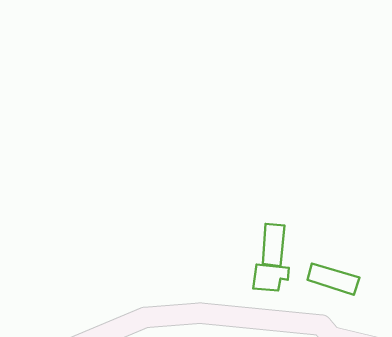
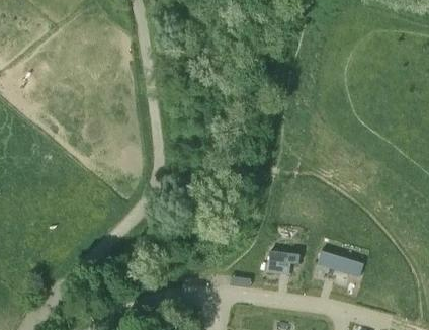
building: [263,224,285,266] -> none

